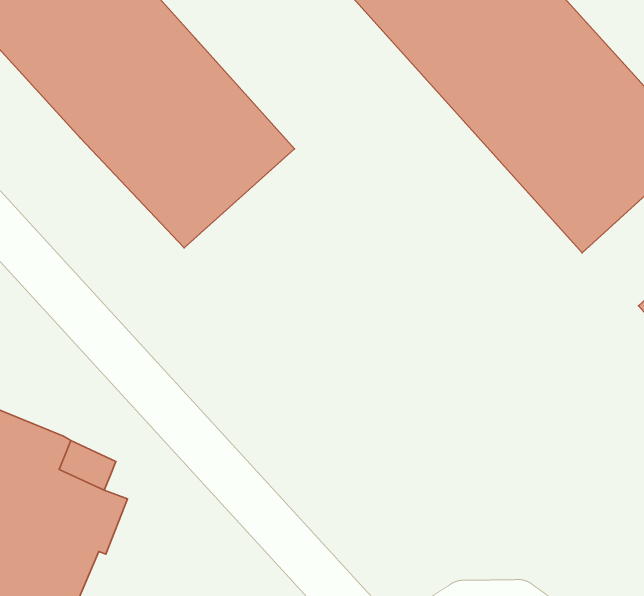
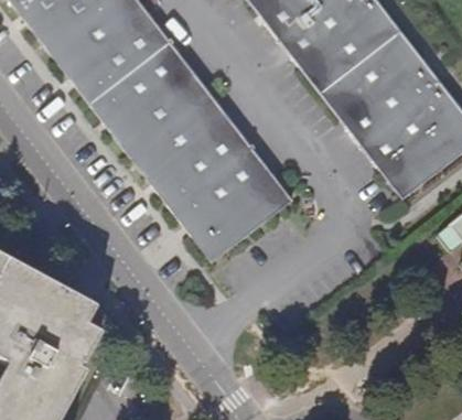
building: none -> [150,118,292,262]

